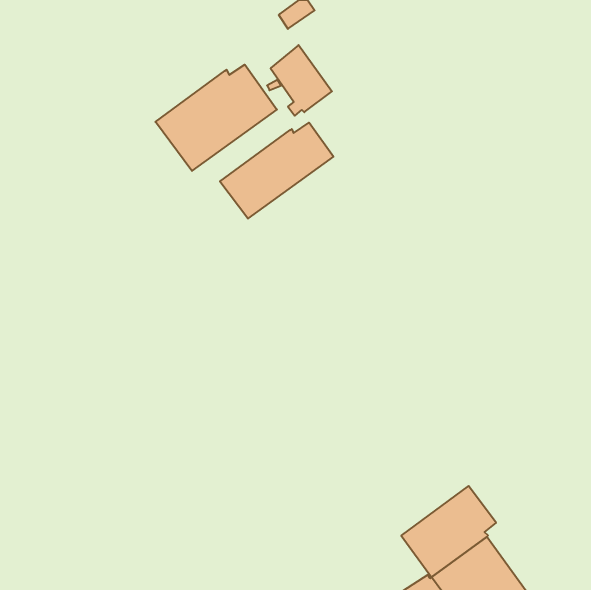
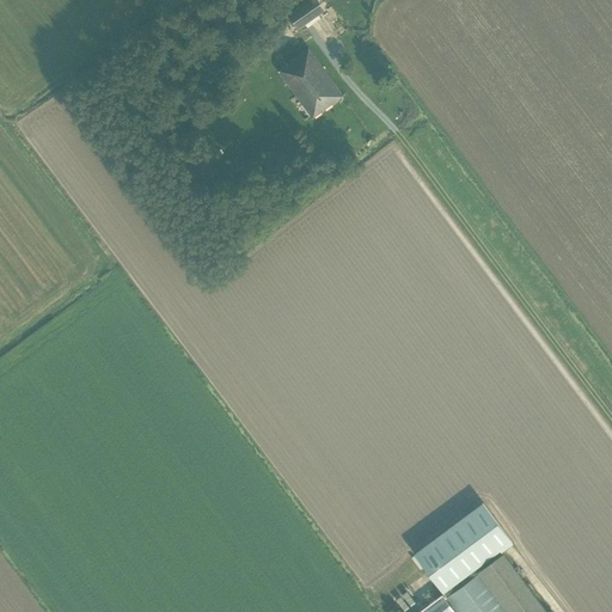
building: [155,65,277,171] -> none
building: [220,123,333,219] -> none

